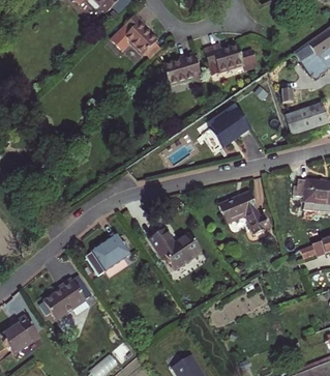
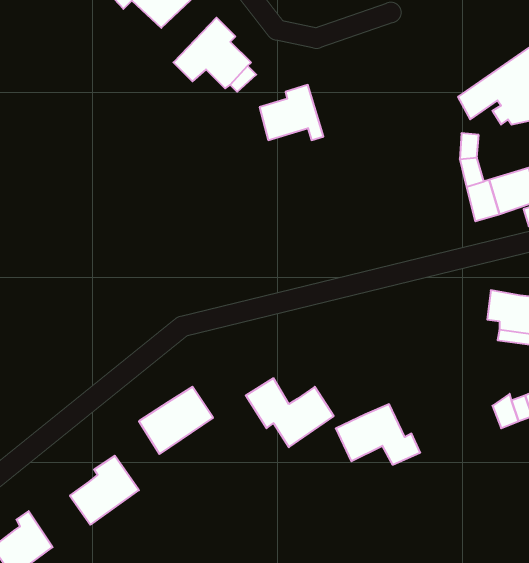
building: [204,47,258,76] -> none
building: [213,107,252,142] -> none
building: [215,194,266,230] -> [336,404,420,465]

